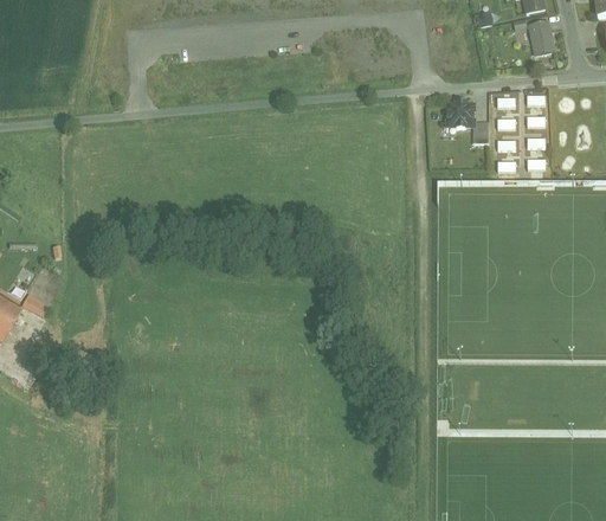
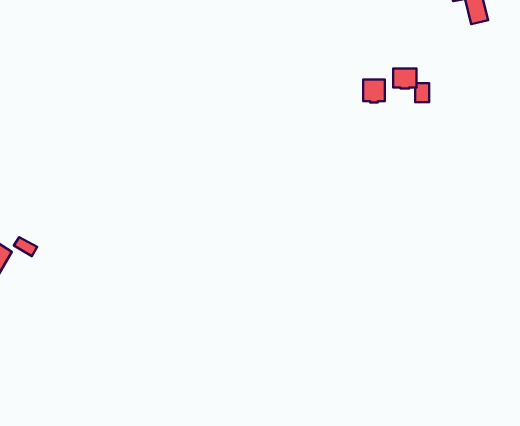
building: none -> [363,80,385,102]

